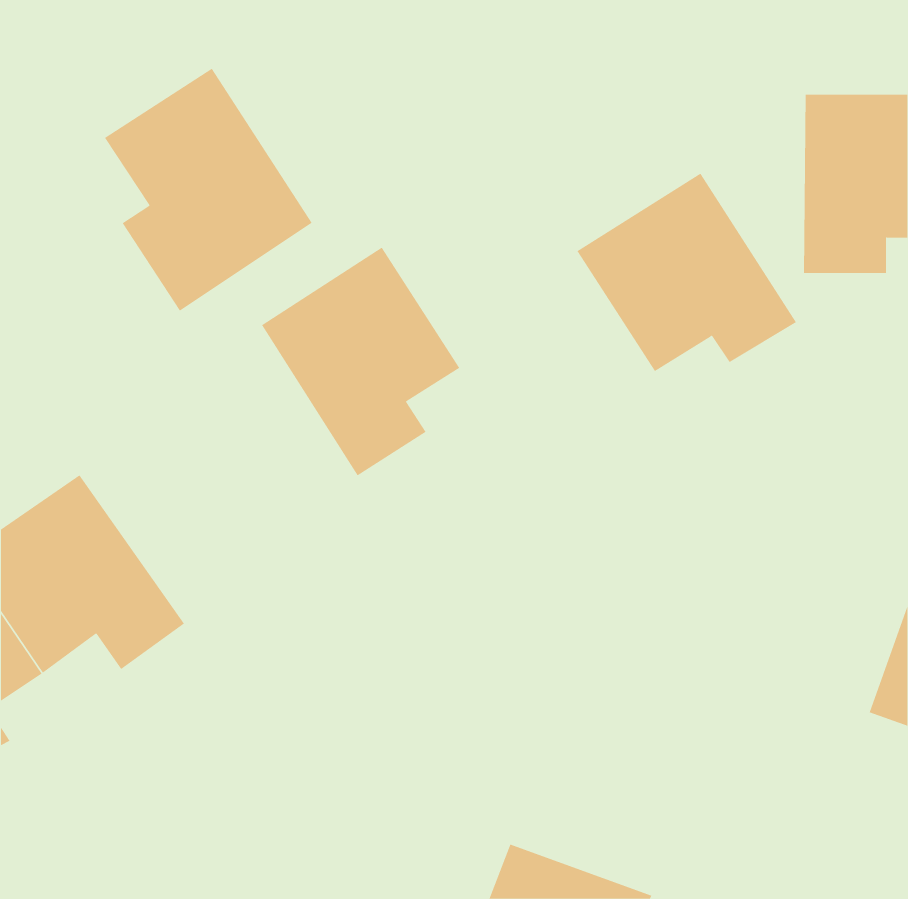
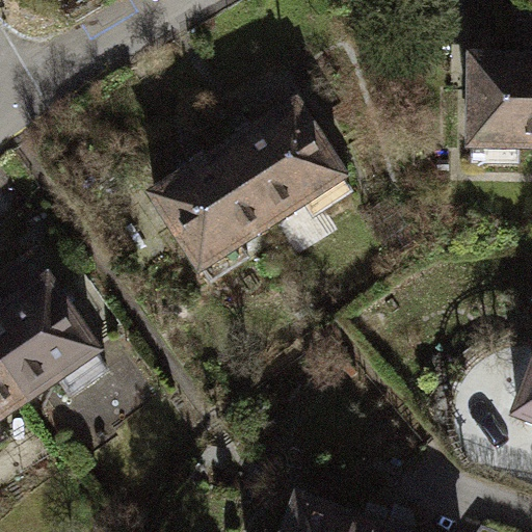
building: [104,68,313,311] -> none
building: [576,173,797,372] -> [223,99,352,215]

